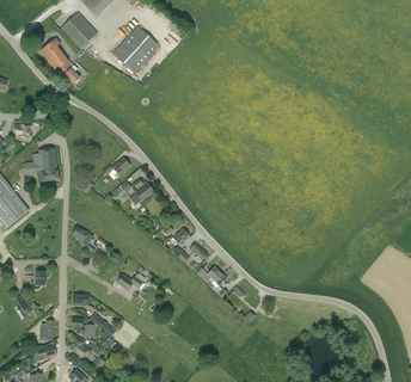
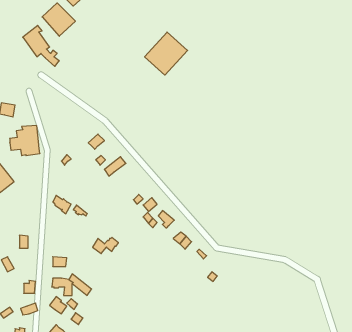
building: [111,25,159,73] -> [145,32,188,75]

